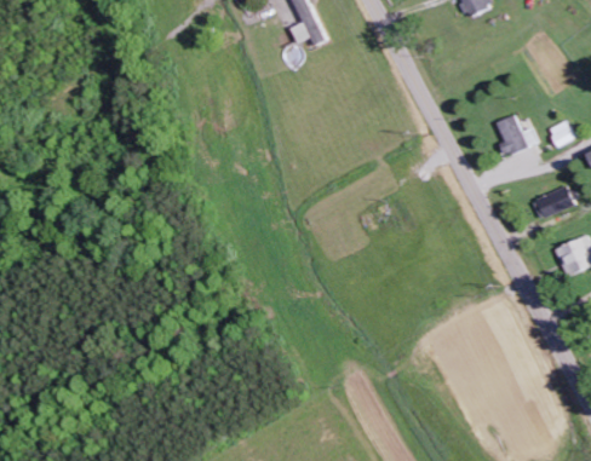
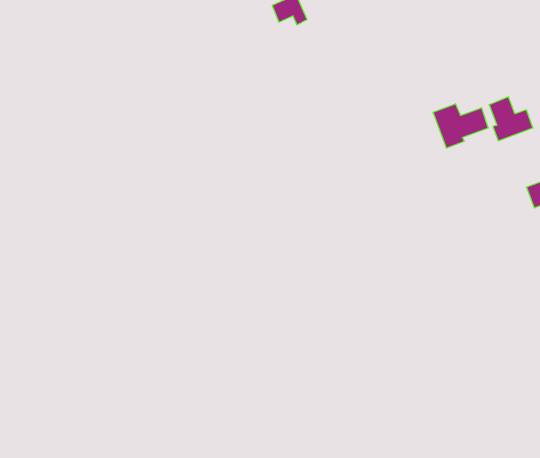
building: none -> [433,104,488,148]

